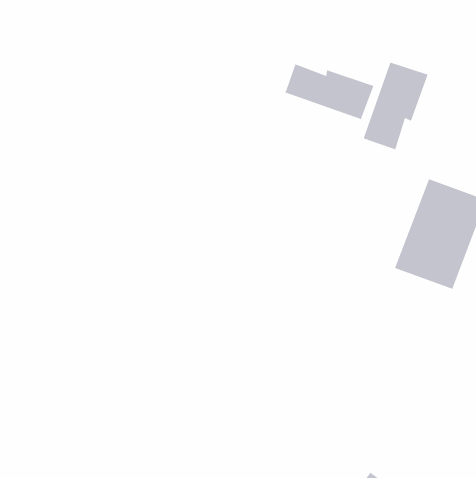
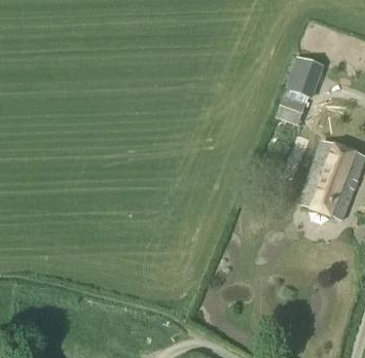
building: [285,64,374,120] -> none

